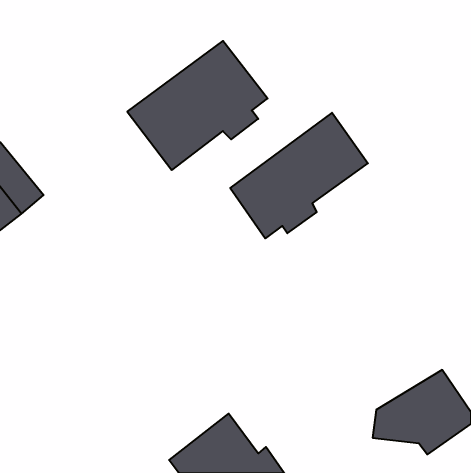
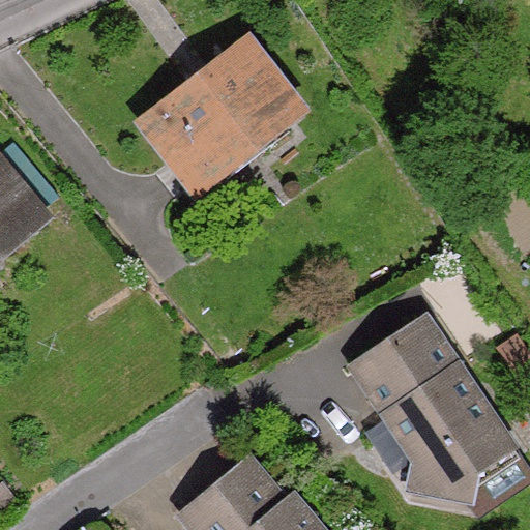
building: [230,113,368,238] -> none
building: none -> [355,312,493,457]

